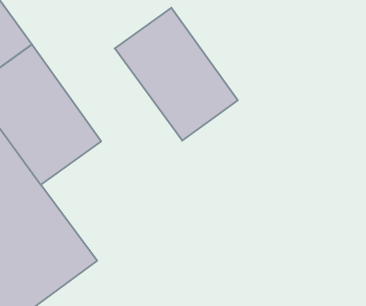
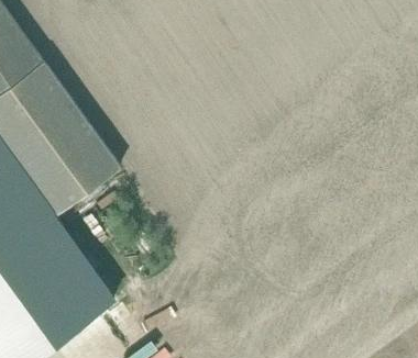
building: [115,8,238,141] -> none

